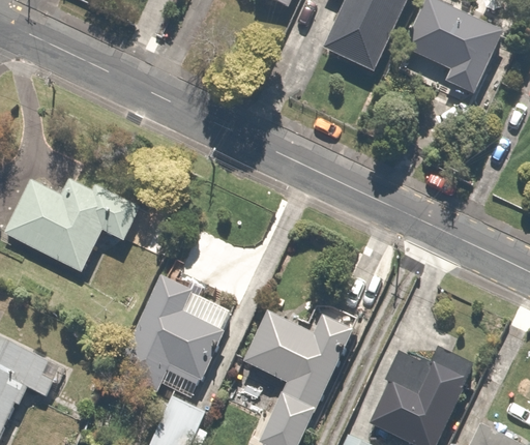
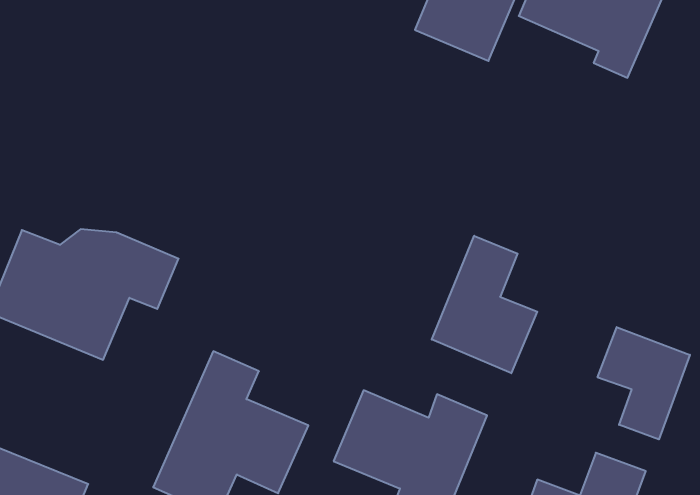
building: none -> [432,236,537,373]
building: none -> [598,327,690,439]

